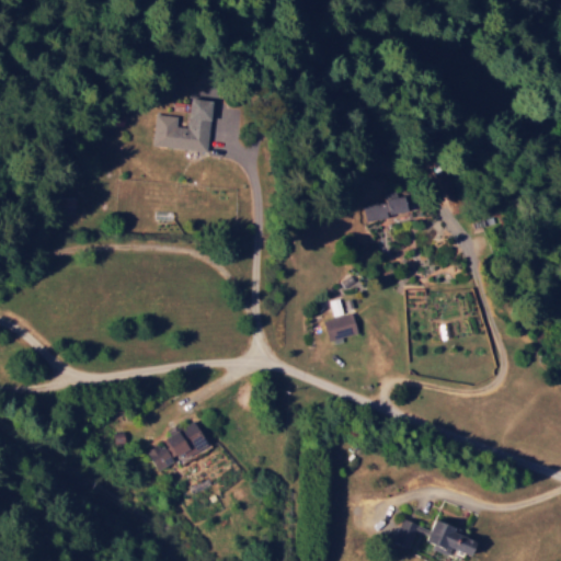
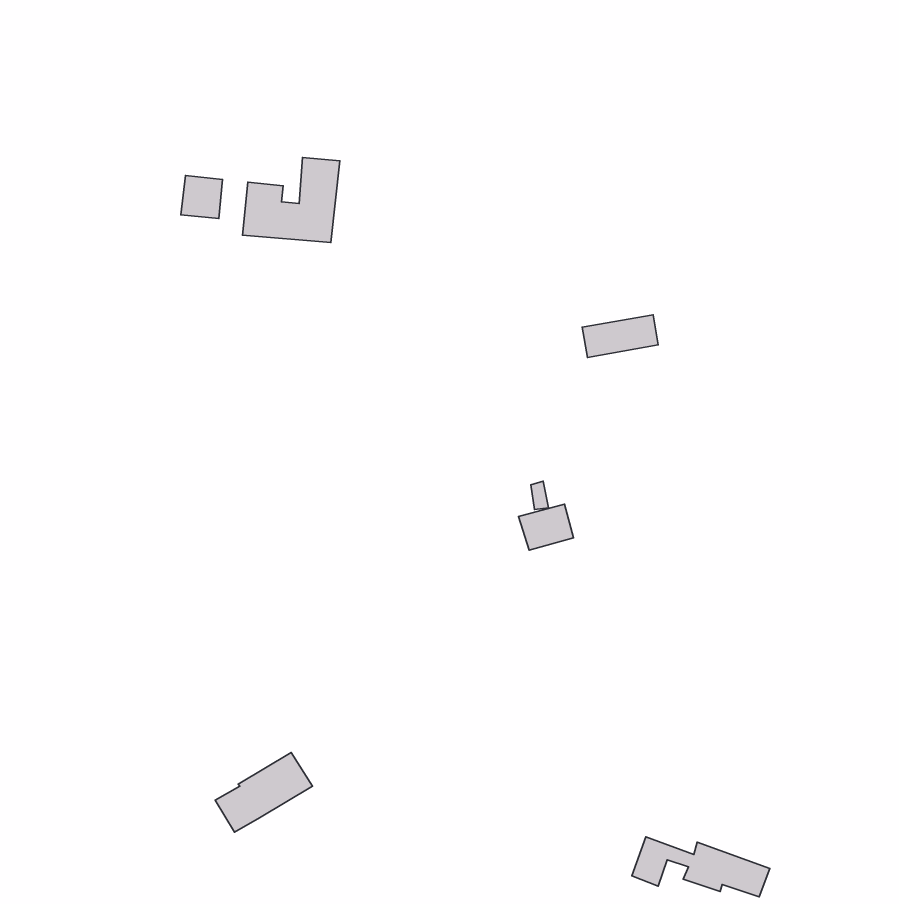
building: none -> [181,176,223,218]
building: [148,421,208,470] -> [215,752,313,832]

